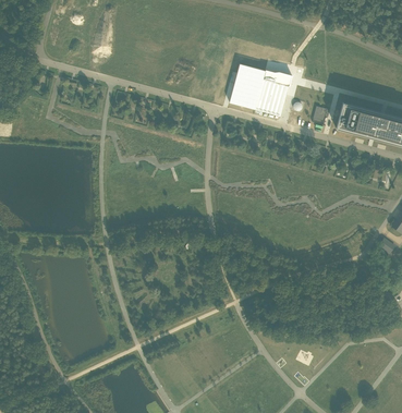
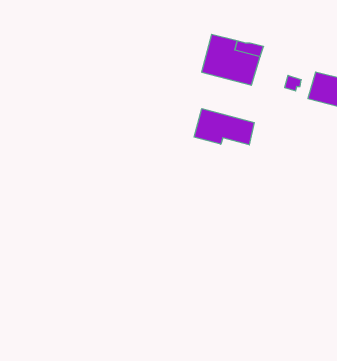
building: none -> [194,109,254,145]

